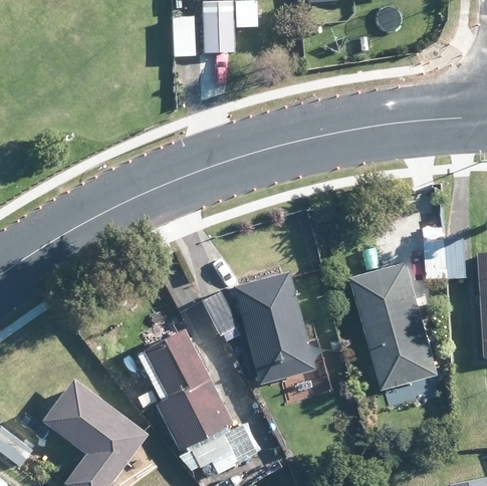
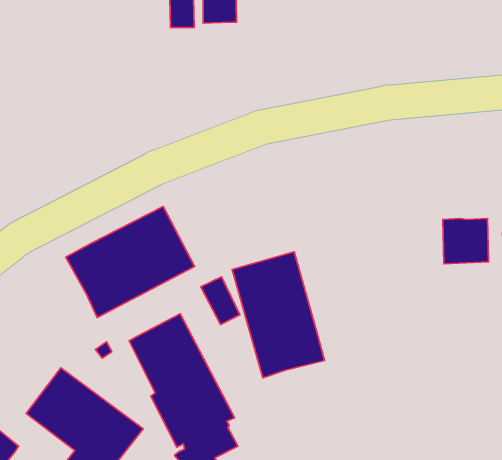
building: none -> [66,206,194,317]
building: [350,261,442,391] -> none

